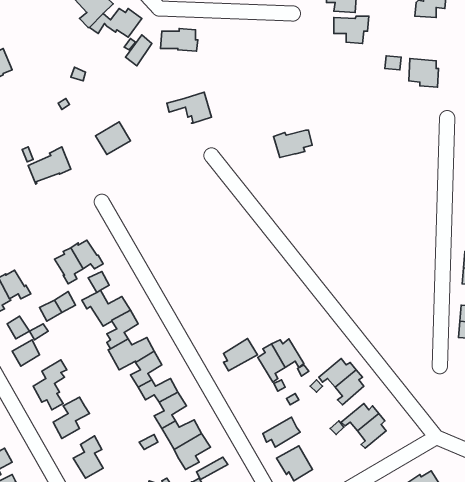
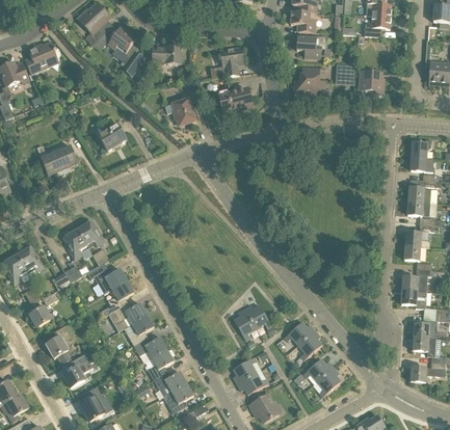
building: none -> [24,39,58,73]
building: none -> [210,47,242,78]
building: none -> [296,65,324,92]
building: [274,130,312,158] -> [218,88,250,111]
building: [224,339,257,371] -> [233,355,261,382]

